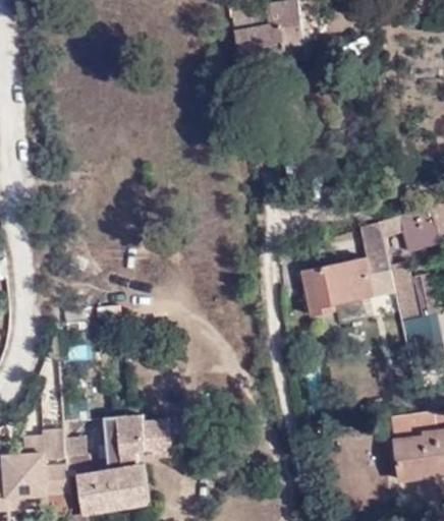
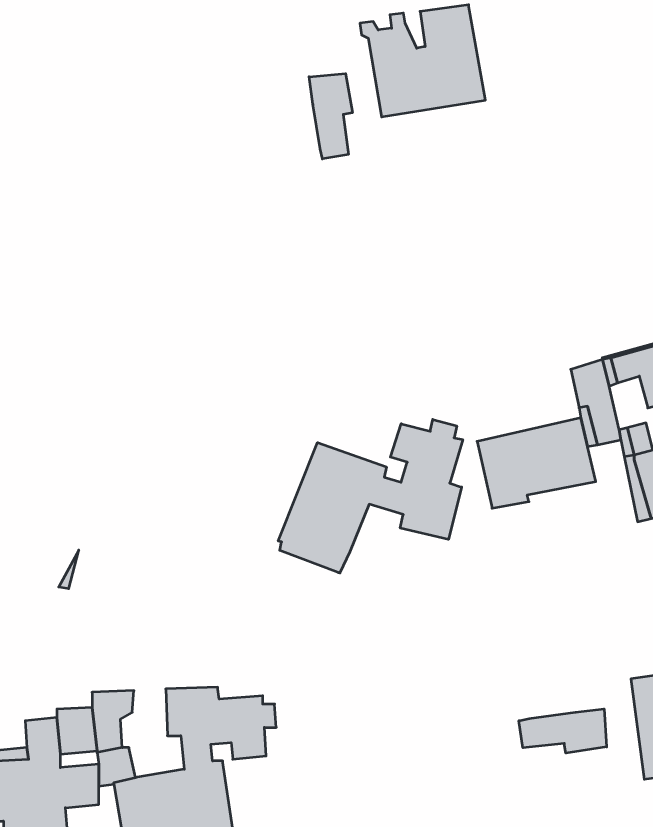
building: none -> [309,74,352,159]
building: none -> [278,419,463,573]
building: none -> [519,709,607,753]

